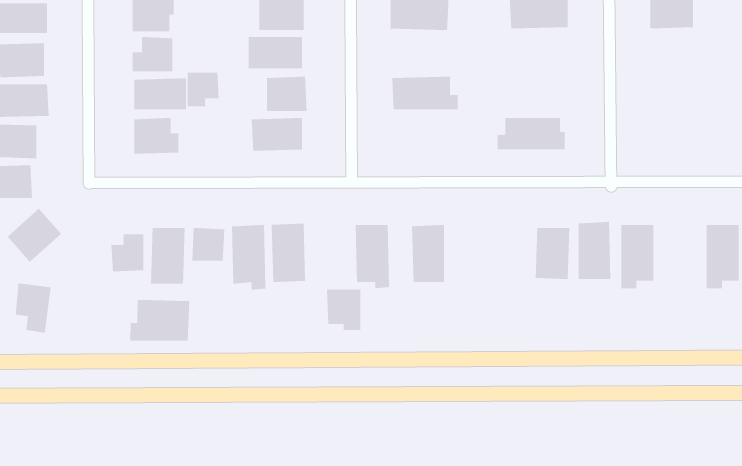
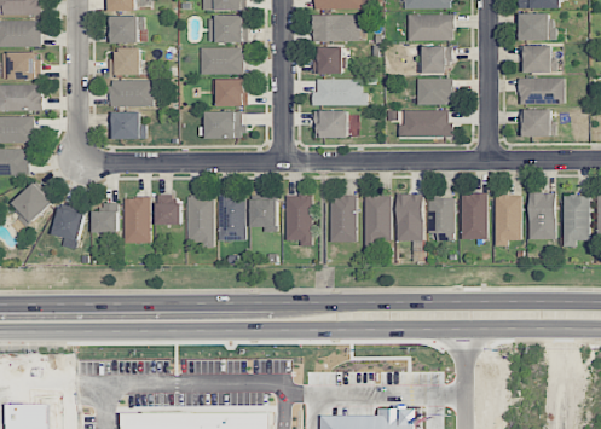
building: none -> [314,46,342,74]
building: none -> [418,46,450,74]
building: none -> [520,46,556,73]
building: [187,72,219,107] -> none
building: none -> [518,77,564,104]
building: none -> [416,79,452,105]
building: none -> [521,109,553,137]
building: none -> [313,110,347,138]
building: none -> [528,193,555,240]
building: none -> [395,195,422,242]
building: none -> [363,196,391,247]
building: [15,283,51,333] -> [53,209,82,249]
building: [326,289,361,331] -> [249,199,277,232]
building: [130,299,190,342] -> none

